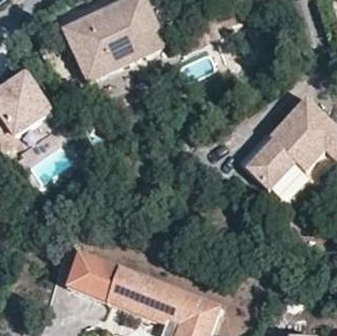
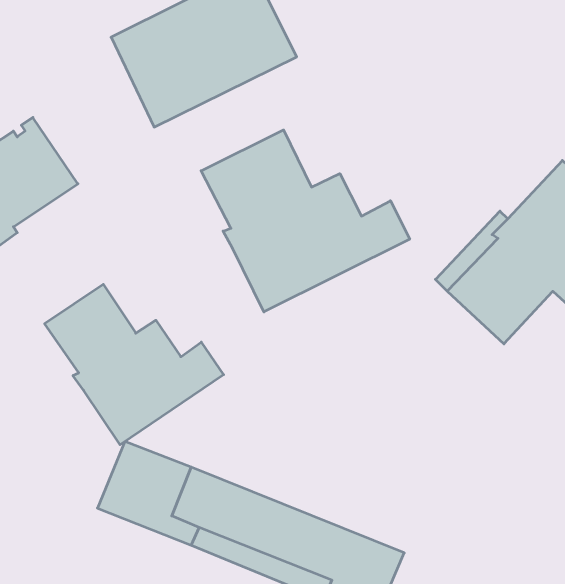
building: none -> [201,130,410,312]
building: none -> [45,284,224,445]

